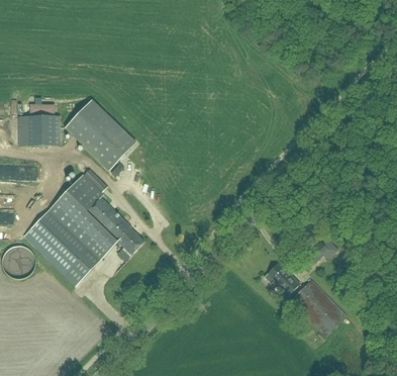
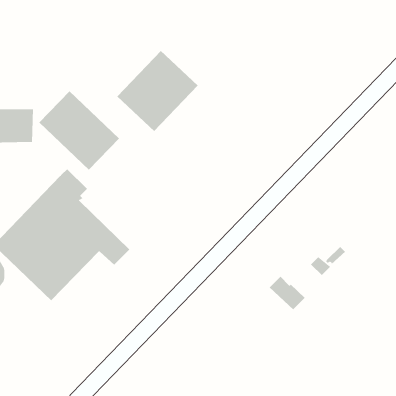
building: none -> [117,50,199,132]
building: [290,280,345,336] -> none

